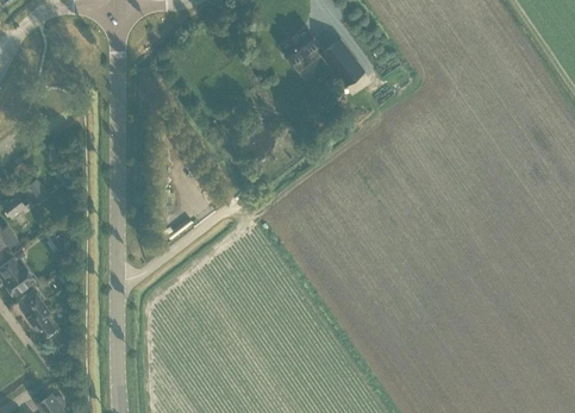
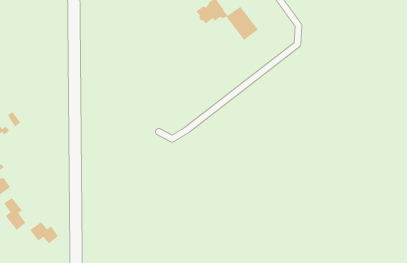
building: none -> [29,221,59,244]

